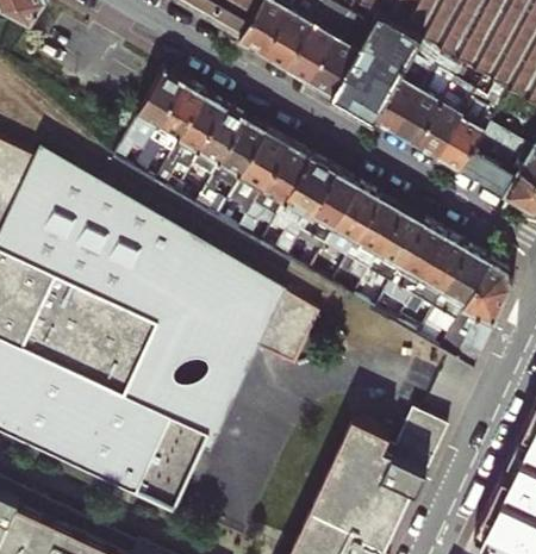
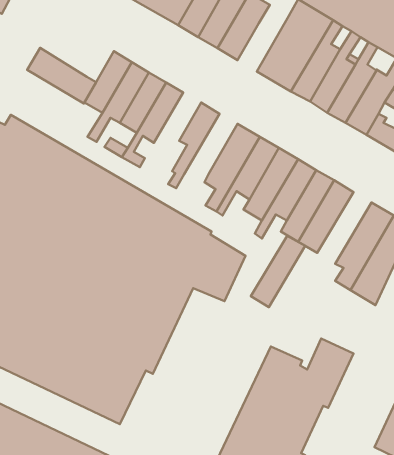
building: [310,23,370,95] -> none
building: none -> [27,48,96,104]
building: [194,120,267,220] -> none
building: [247,145,310,225] -> none
building: [404,238,468,323] -> [251,236,305,307]

